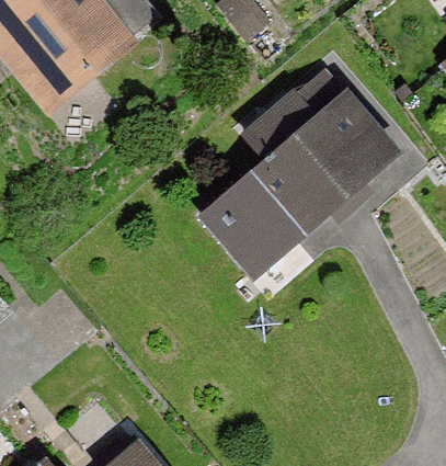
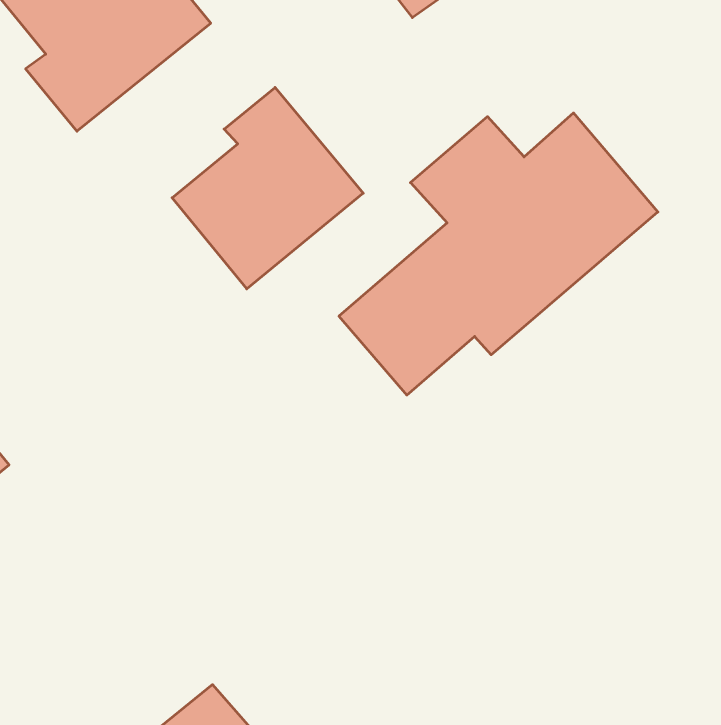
building: none -> [172,87,363,289]

